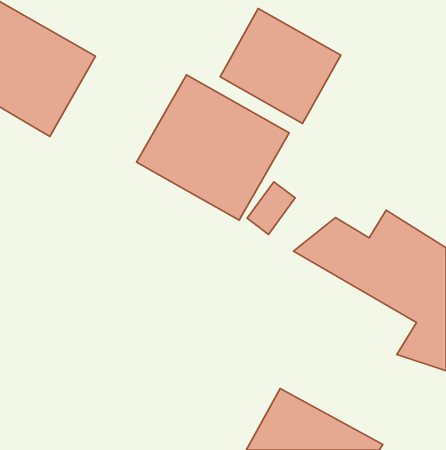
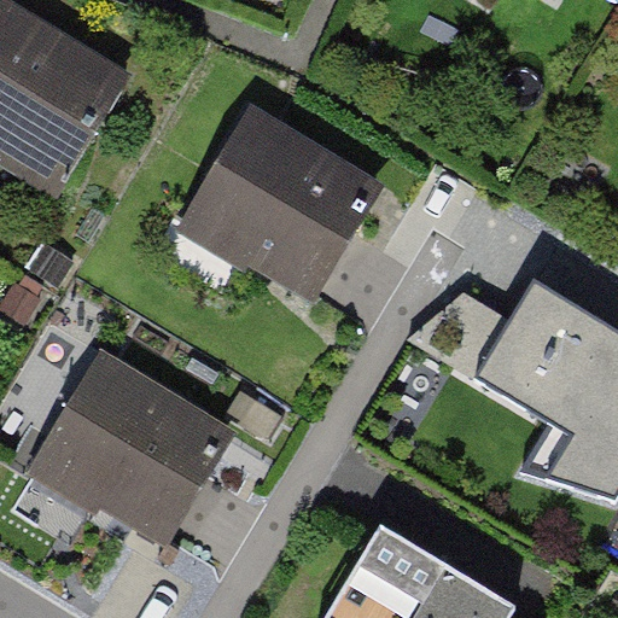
building: [220,9,341,123] -> none
building: none -> [24,350,237,558]

